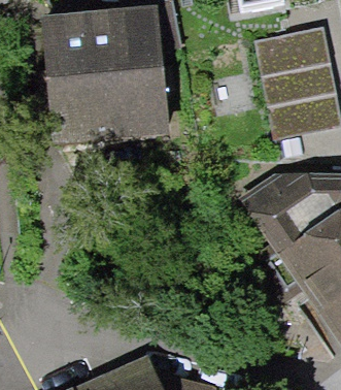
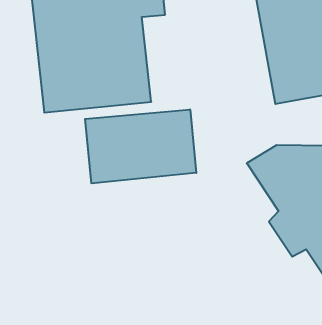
building: none -> [85,109,196,183]

